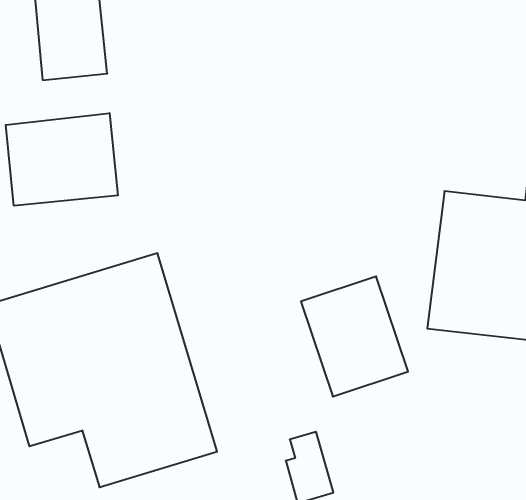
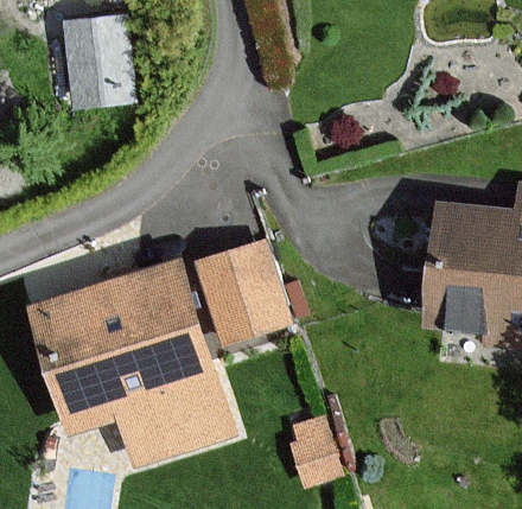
building: [6,113,118,206] -> none
building: [301,276,408,397] -> [192,240,288,348]

